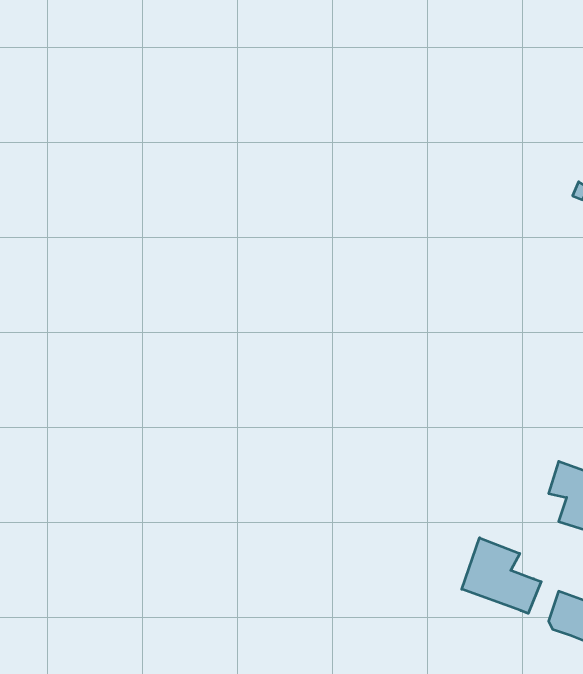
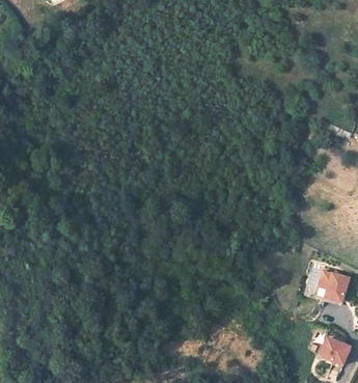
building: [462,538,541,613] -> none

